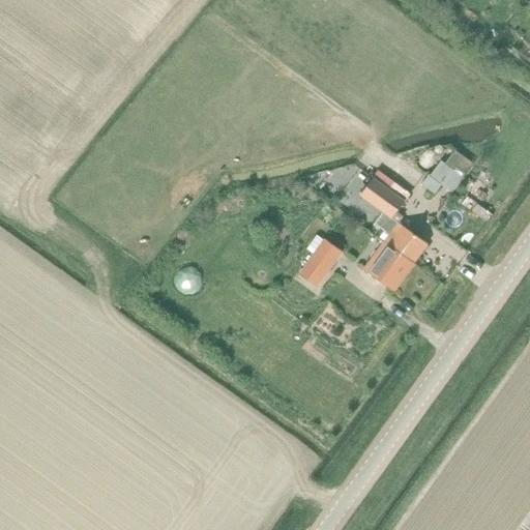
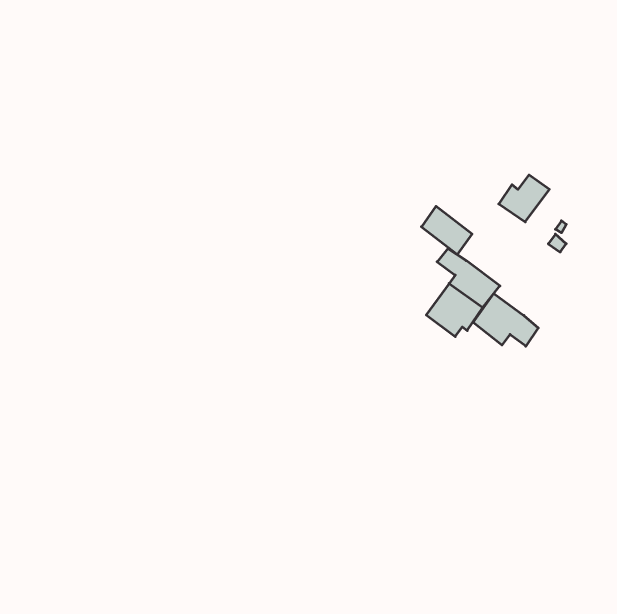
building: [300,239,343,285] -> none
building: none -> [473,294,538,346]

